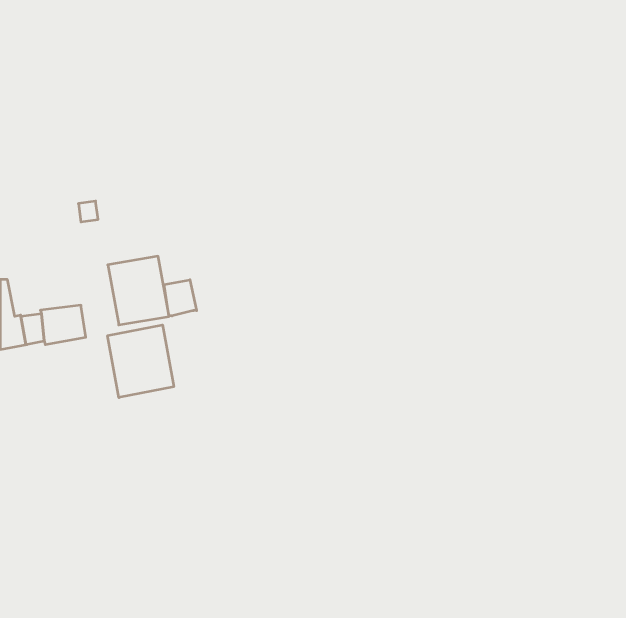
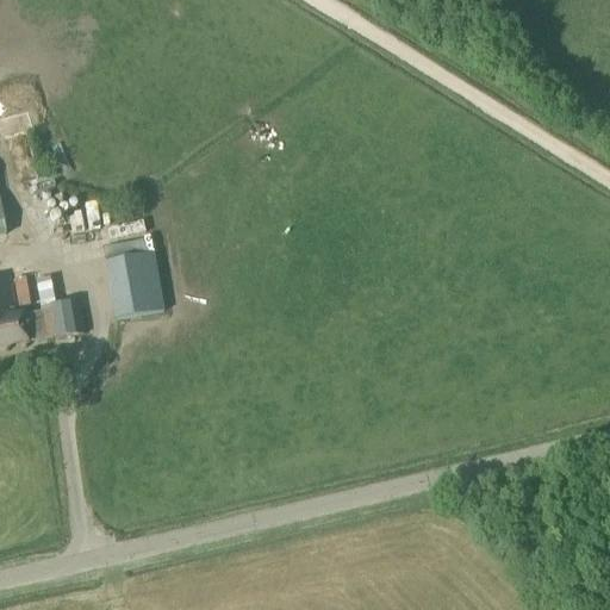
building: [164,280,197,316] -> none
building: [108,325,174,398] -> none

